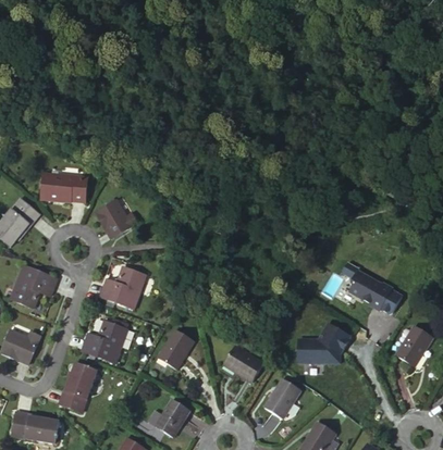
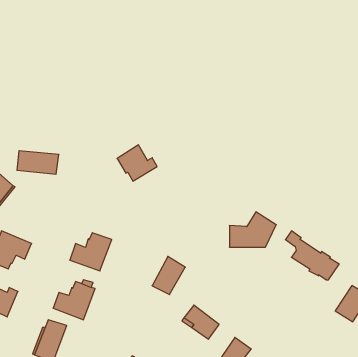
building: [96,196,140,236] -> [117,145,157,181]
building: [295,323,347,362] -> [229,212,276,247]
building: [160,330,197,373] -> [152,256,185,295]

